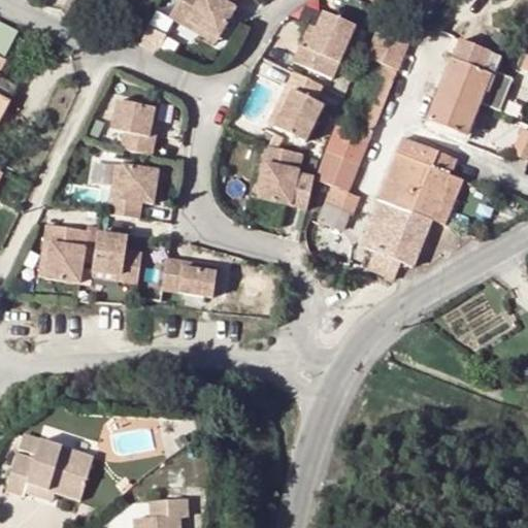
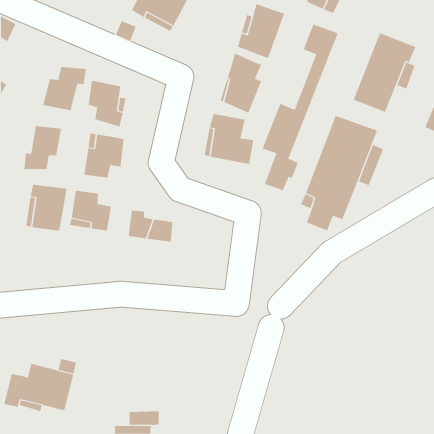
building: none -> [43,66,86,111]
building: none -> [24,125,61,170]

